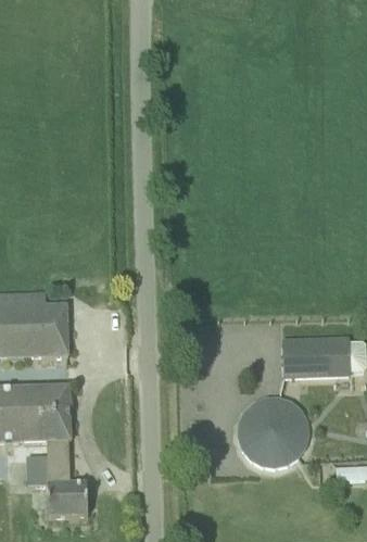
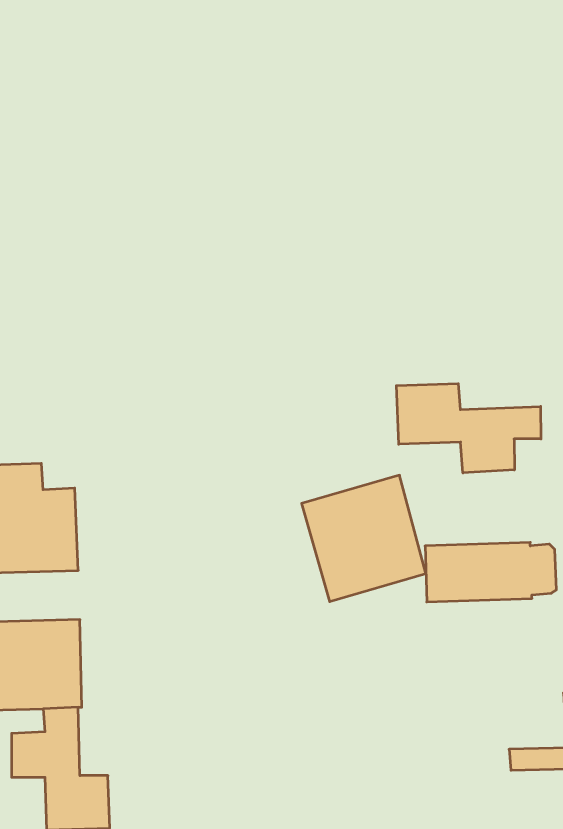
building: none -> [396,384,541,473]
building: [233,391,311,469] -> [302,475,426,602]

